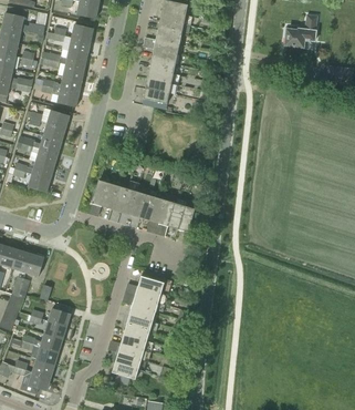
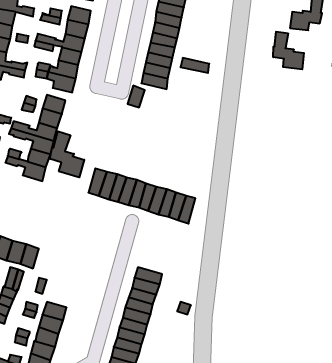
building: none -> [273,32,304,69]
building: none -> [50,131,84,177]

